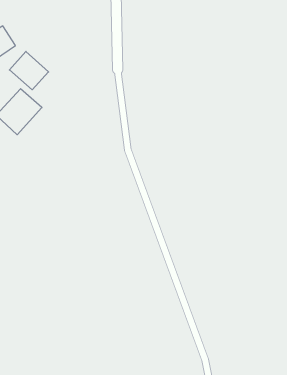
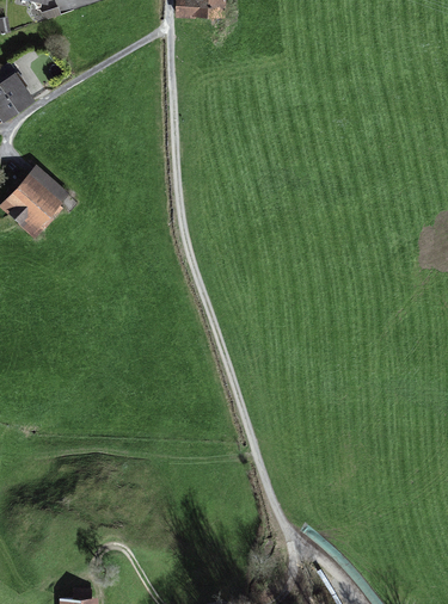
building: [9,51,49,90] -> none

